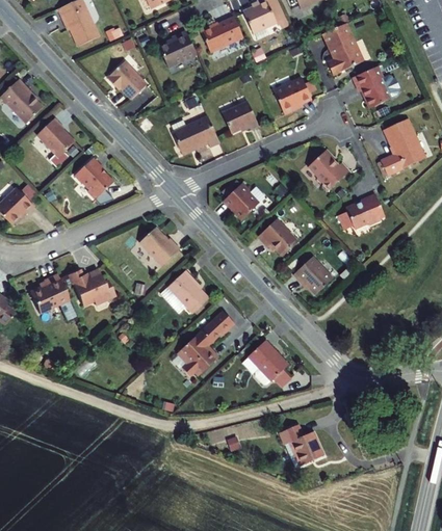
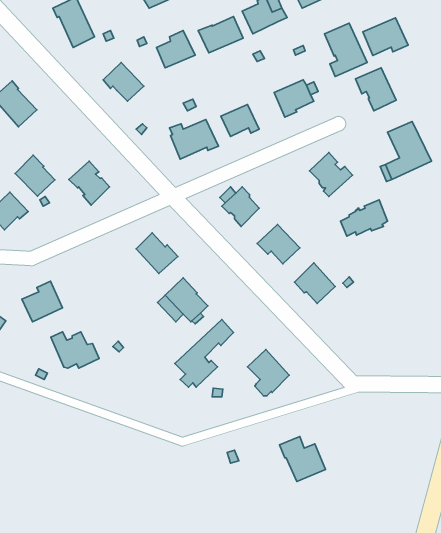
building: none -> [363,18,408,56]
building: [36,117,75,157] -> [15,155,55,196]
building: [68,269,114,304] -> [51,332,99,368]

